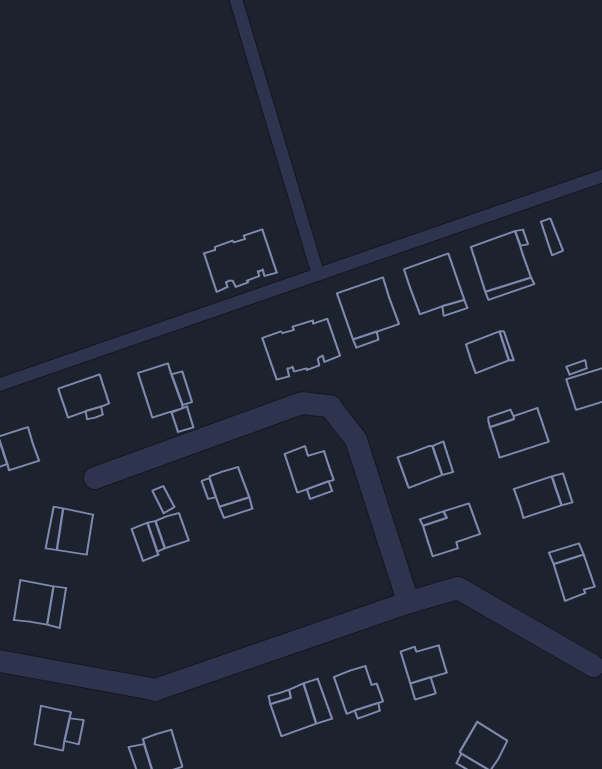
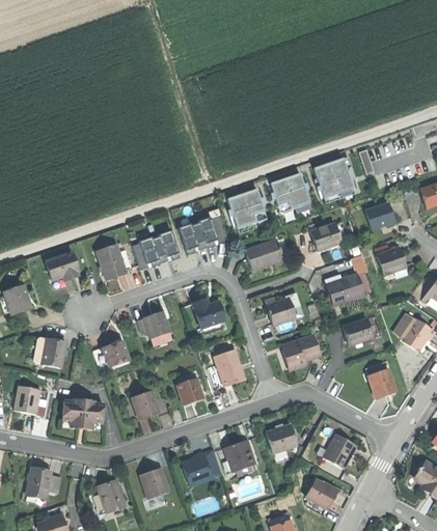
building: [204,230,277,292] -> [132,229,180,270]
building: none -> [365,202,394,228]
building: none -> [245,239,283,270]
building: none -> [214,348,245,386]
building: none -> [176,378,203,404]
building: none -> [131,390,158,419]
building: none -> [63,400,105,430]
building: none -> [323,432,357,467]
building: none -> [141,468,169,498]

